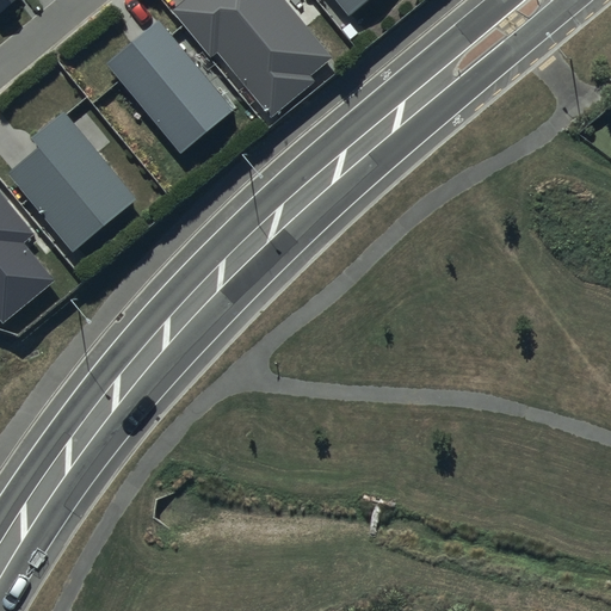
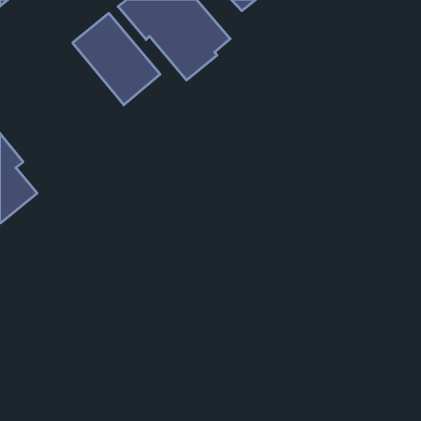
building: [6,111,136,252] -> none

